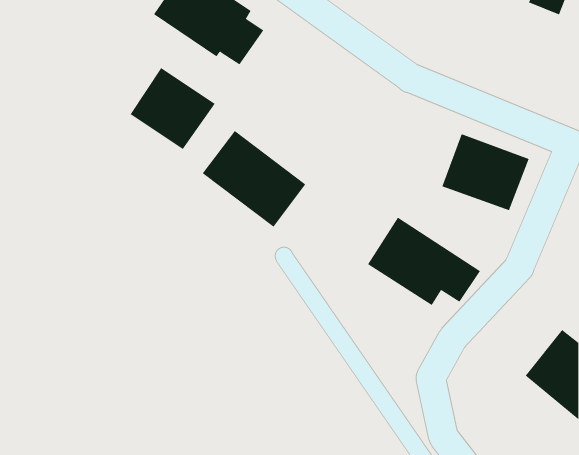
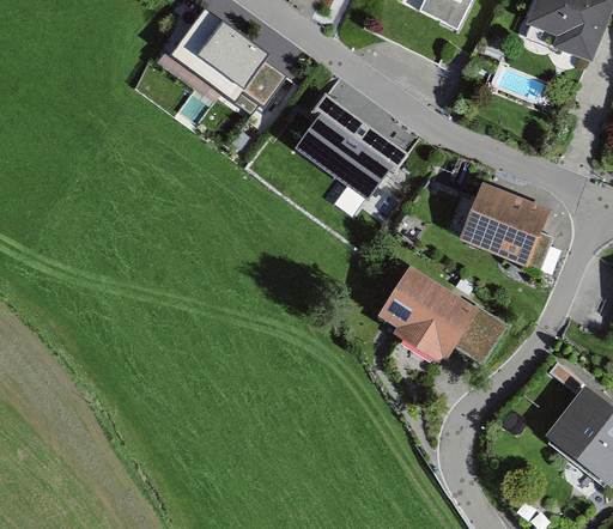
building: [130,67,215,150] -> none
building: [202,130,306,227] -> [292,90,400,190]

